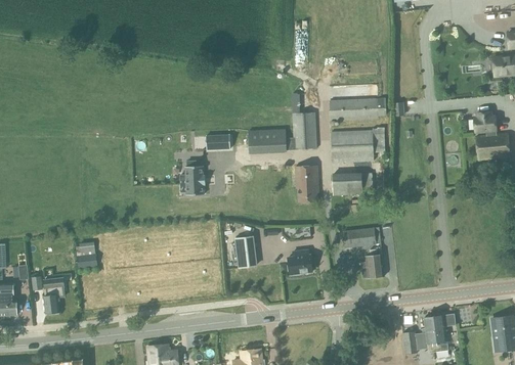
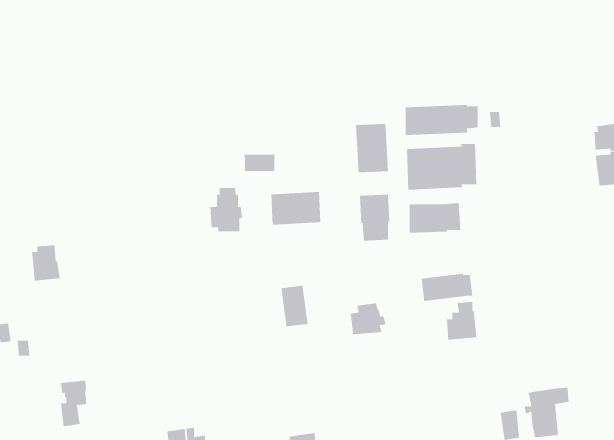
building: [248,129,287,154] -> [270,192,321,225]
building: [76,241,98,269] -> [31,245,61,281]
building: [44,278,65,314] -> [60,380,87,427]

